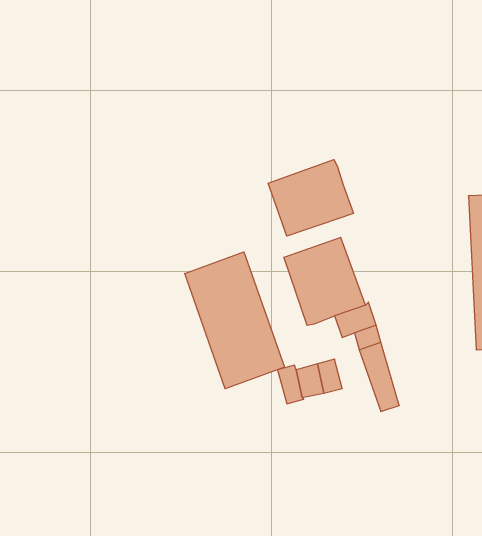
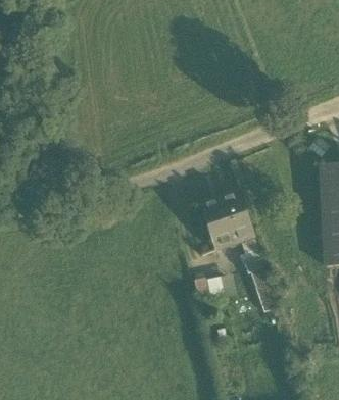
building: [268,160,353,236] -> none
building: [185,252,284,389] -> none

